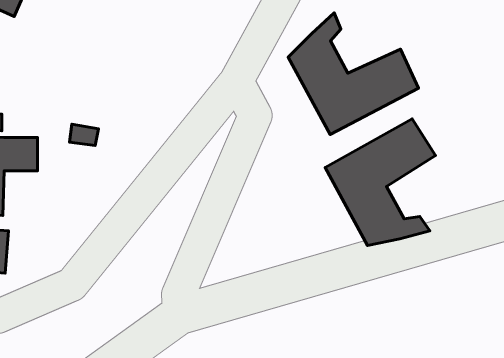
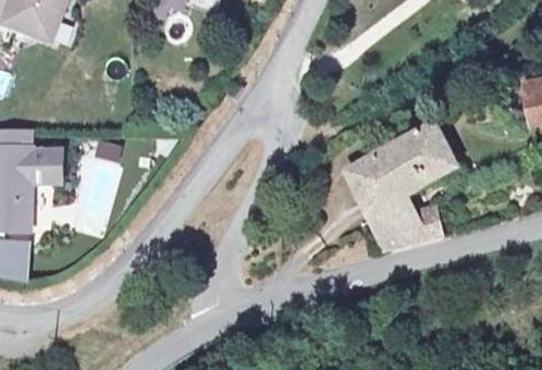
building: [288,13,418,134] -> none

